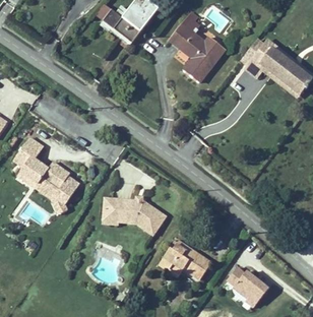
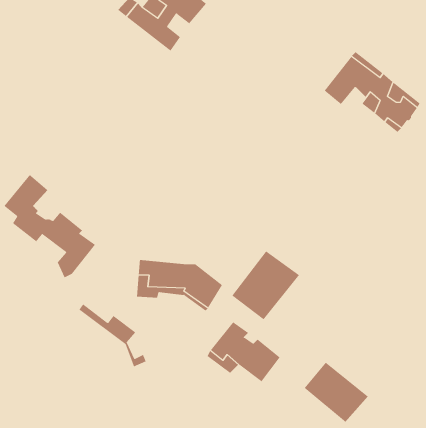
building: [171,17,227,87] -> none
building: [17,168,65,212] -> [78,304,146,367]
building: none -> [231,251,300,320]

